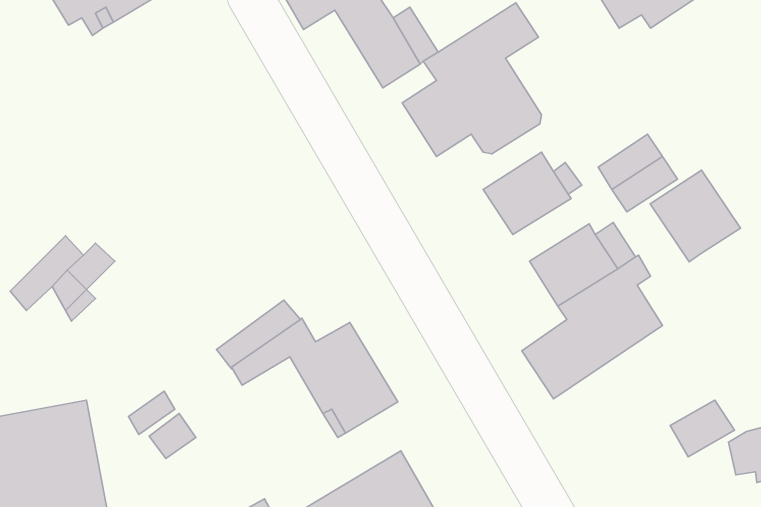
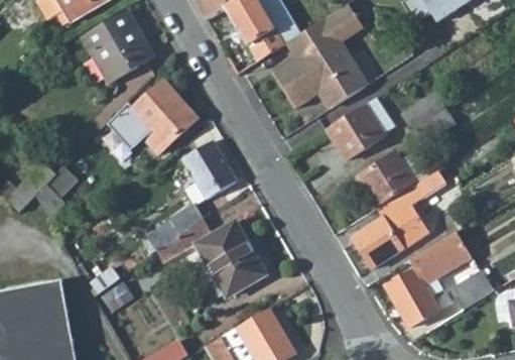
building: none -> [83,10,155,80]
building: none -> [107,80,199,153]
building: [650,170,740,262] -> none
building: none -> [181,139,236,204]
building: none -> [384,233,471,327]

